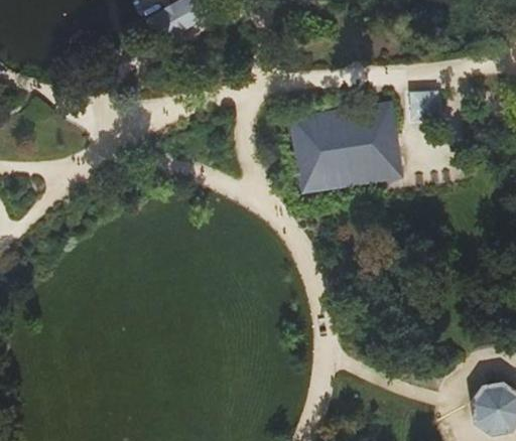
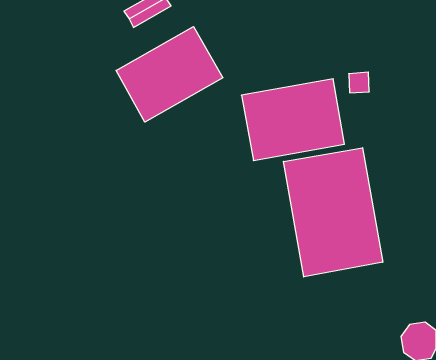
building: none -> [116,27,223,122]
building: none -> [283,148,383,277]

